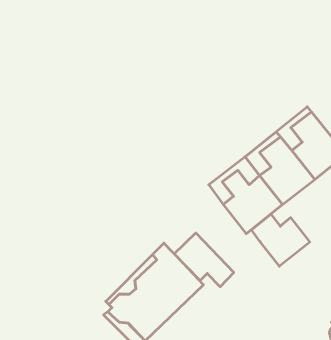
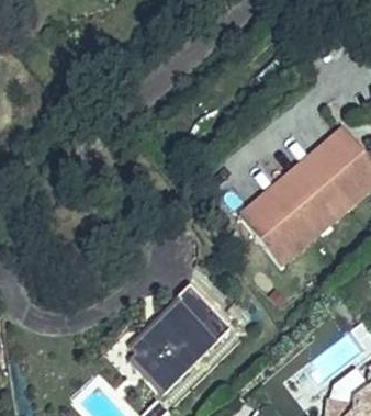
building: [252,214,310,266] -> none
building: [174,233,234,287] -> none

